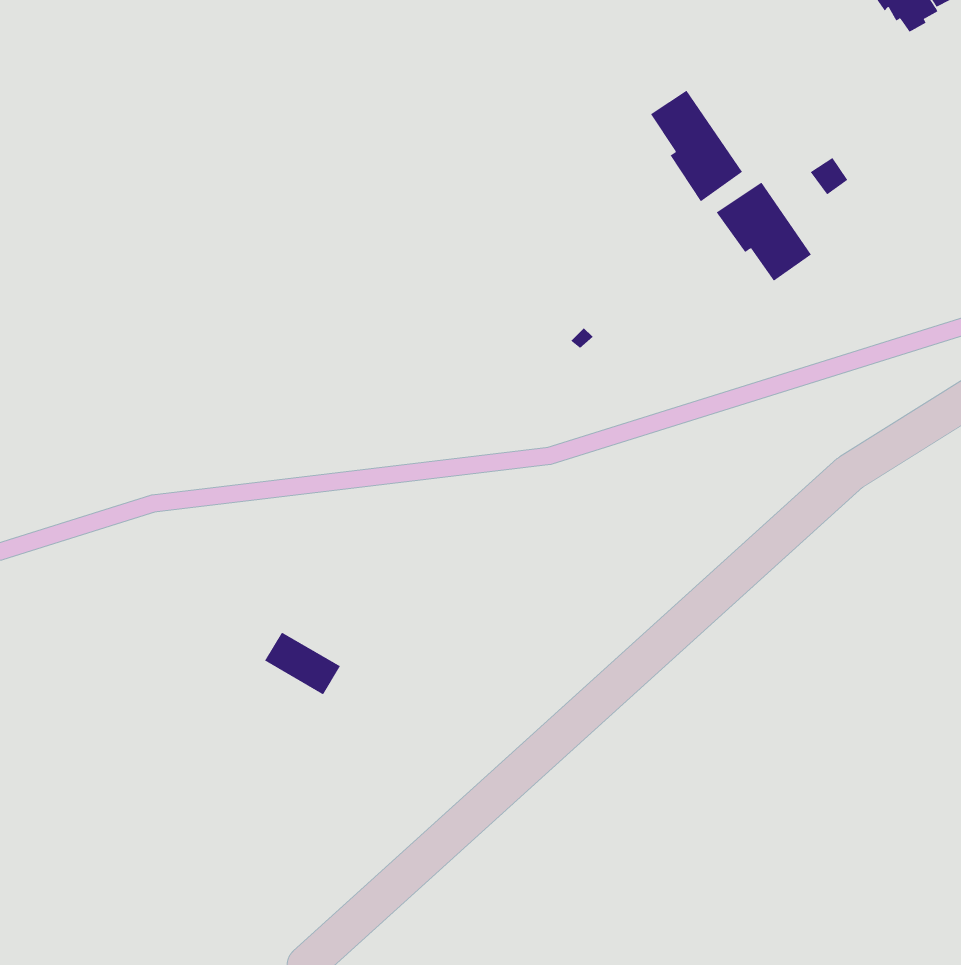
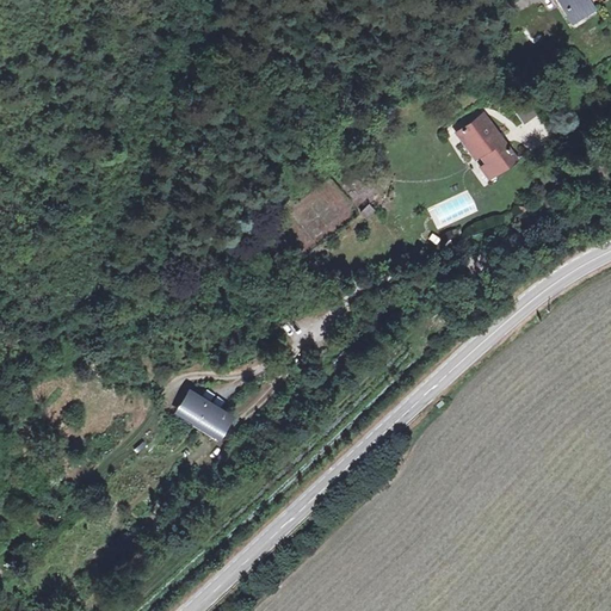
building: [650,90,743,202] -> none

